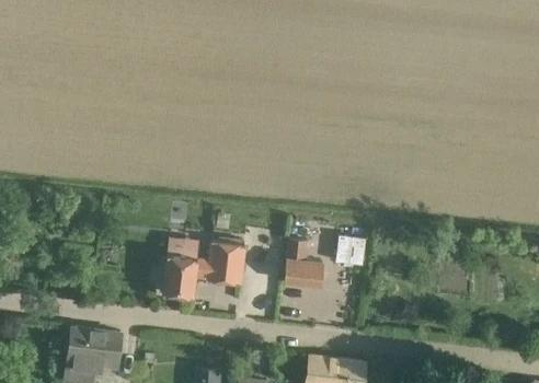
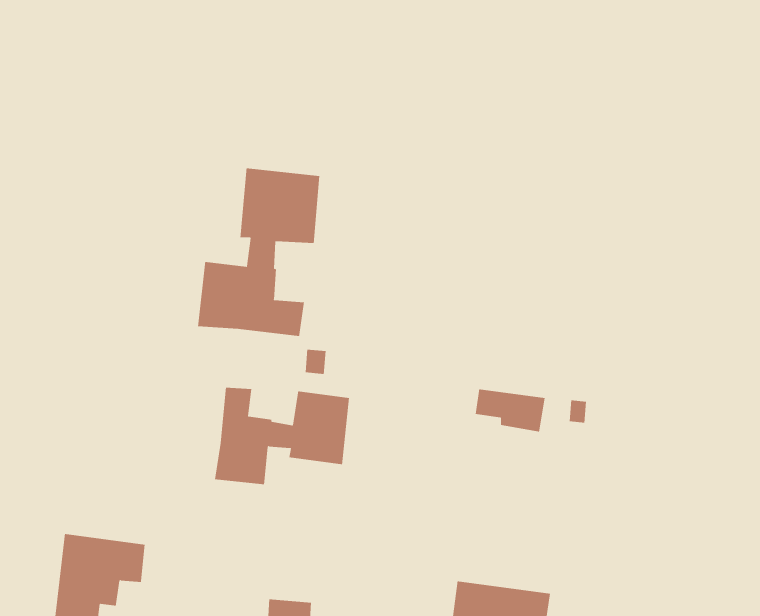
building: none -> [198,167,320,337]
building: [285,240,322,287] -> none

